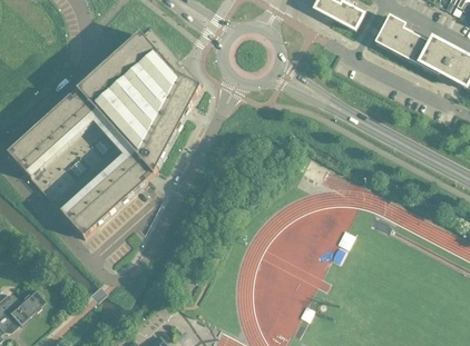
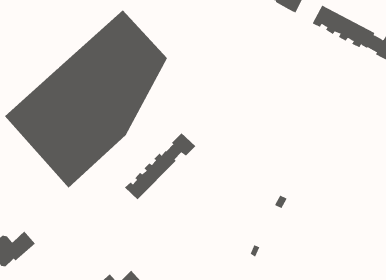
building: none -> [124,132,196,200]

